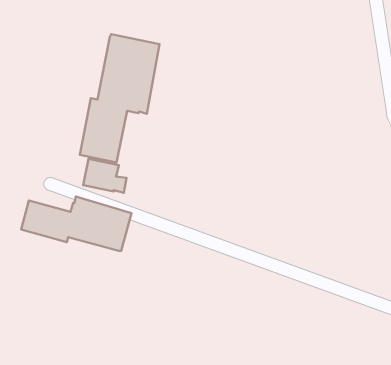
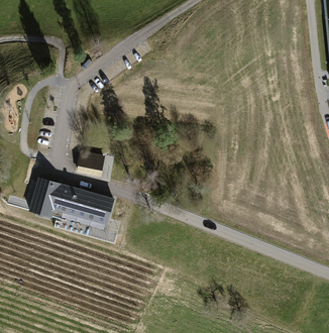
building: [80,34,159,163] -> none

